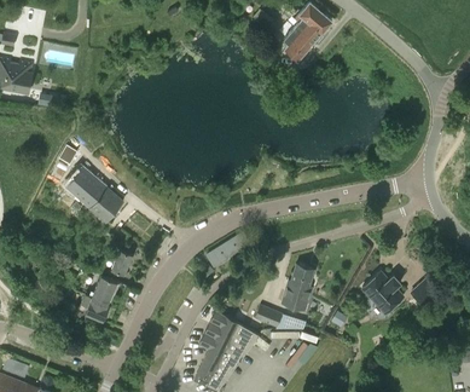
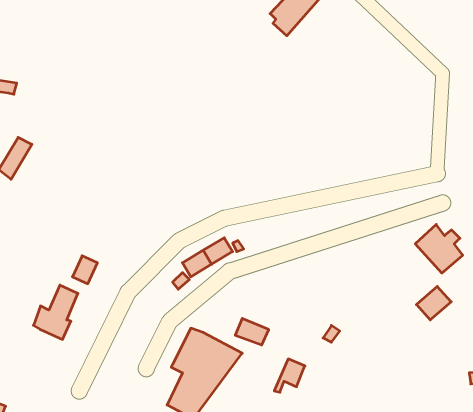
building: [65,168,122,223] -> none
building: [279,265,313,312] -> none
building: [361,271,402,313] -> [415,224,463,273]

